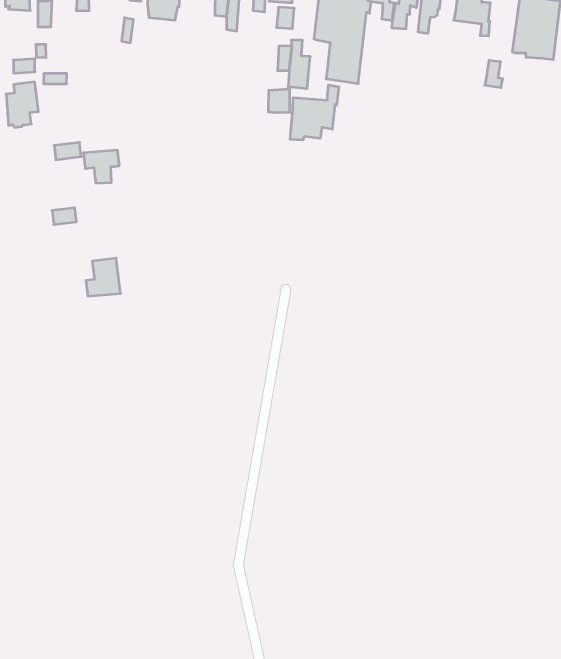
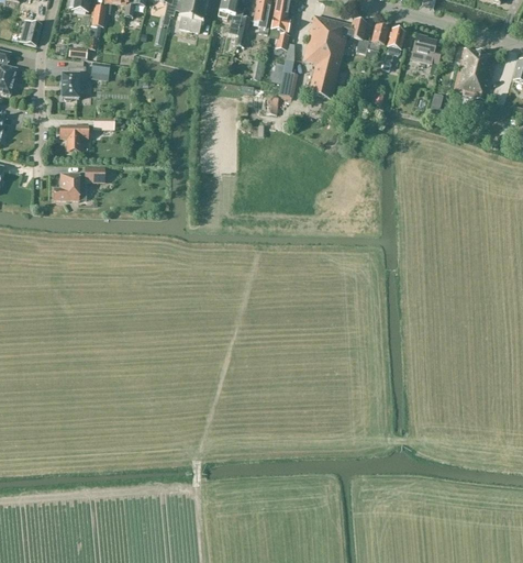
building: [290,85,339,140] -> none
building: [83,150,119,183] -> [60,124,87,150]
building: [86,258,121,296] -> [54,173,79,200]

